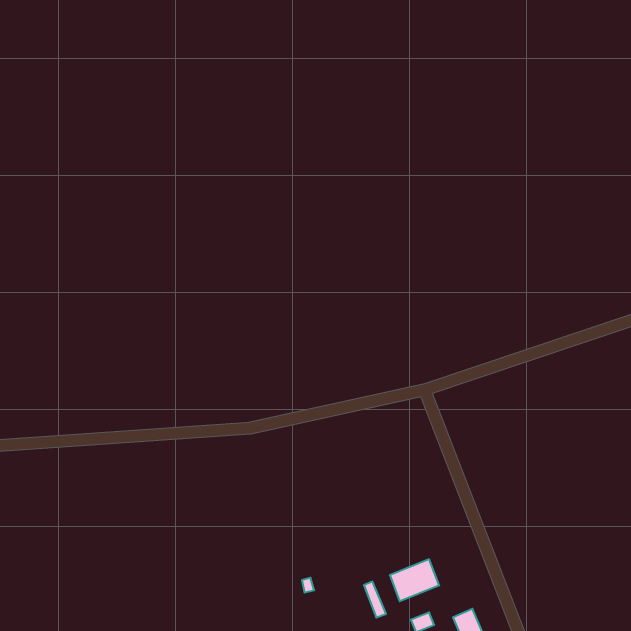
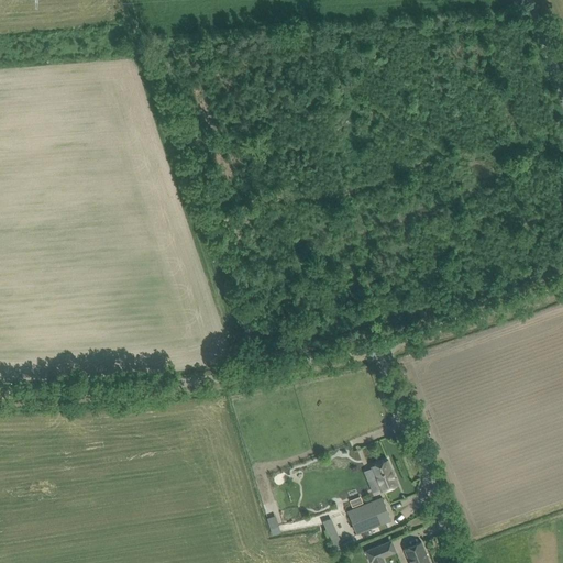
building: none -> [371,461,397,493]

